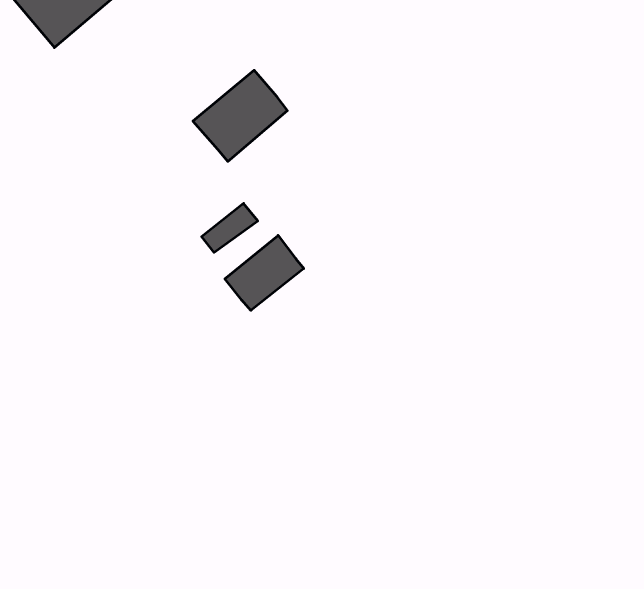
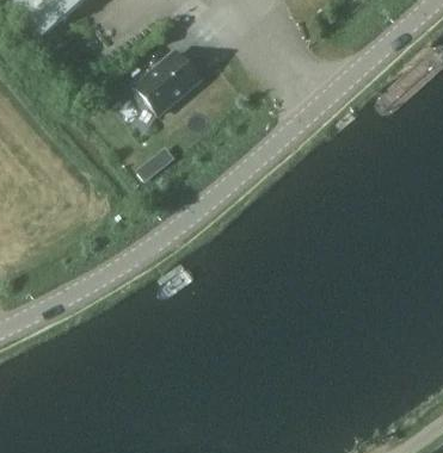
building: [225,235,304,310] -> none

